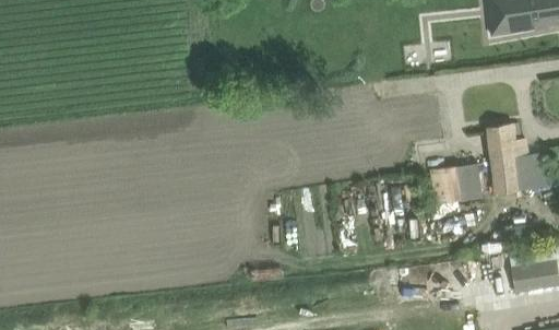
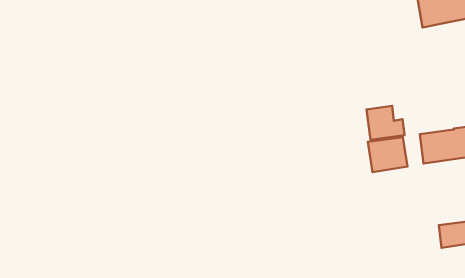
building: [486,121,530,161] -> [367,106,404,140]

